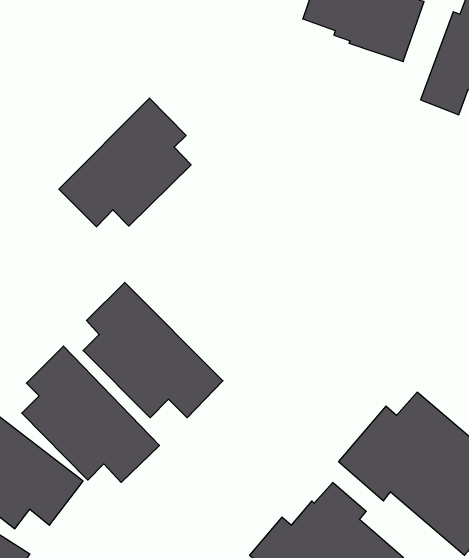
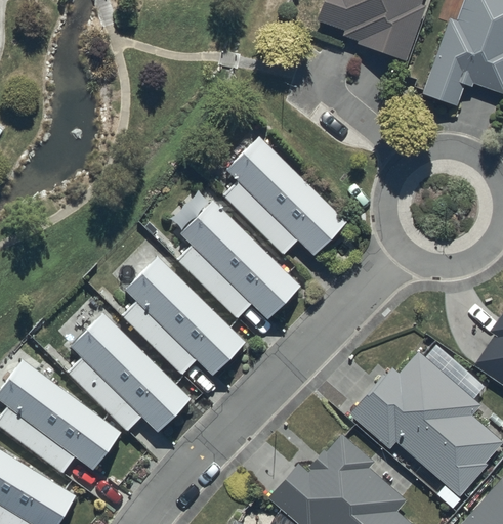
building: [59,98,191,227] -> none
building: none -> [222,134,347,257]
building: none -> [177,198,301,320]

